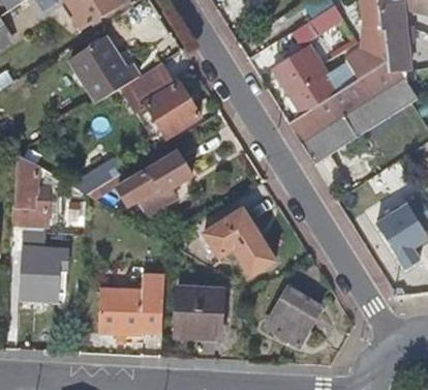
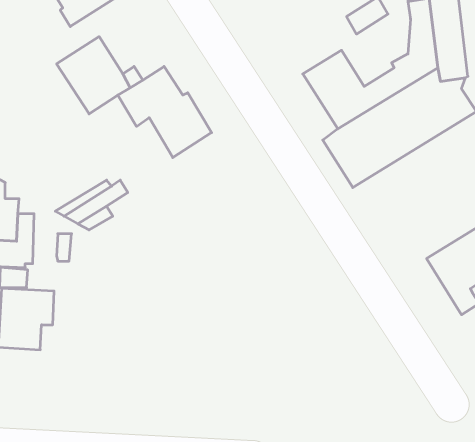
building: [118,151,191,215] -> none
building: [204,209,274,275] -> none
building: [98,274,165,332] -> none
building: [175,283,221,337] -> none
building: [266,289,322,344] -> none

